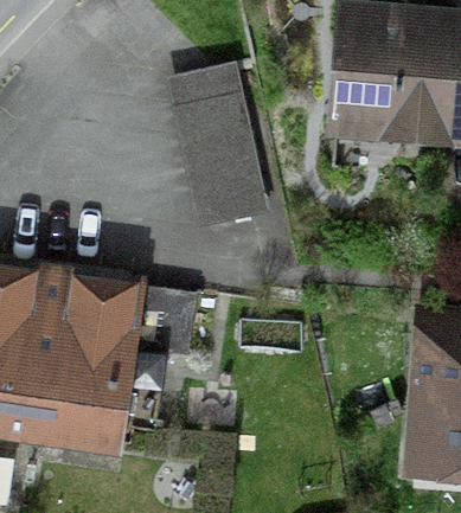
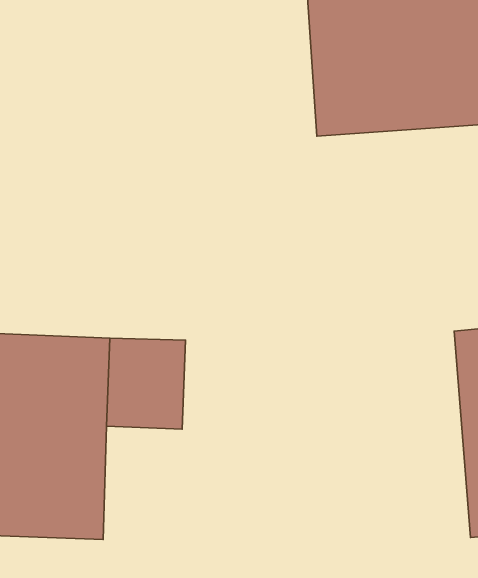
building: [173,66,269,226] -> none

